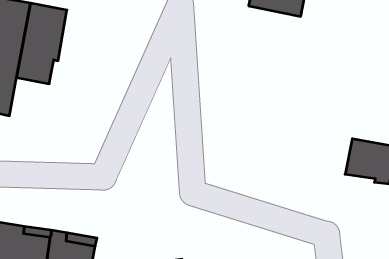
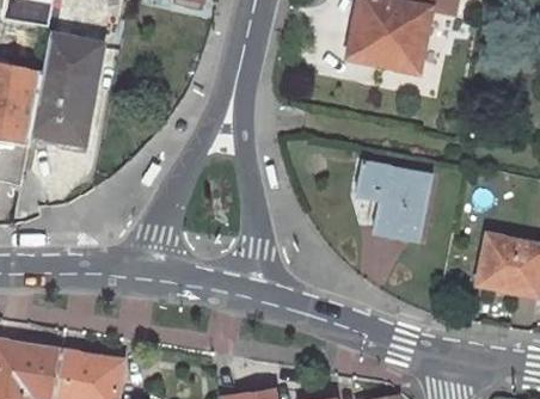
building: none -> [343,152,419,226]

